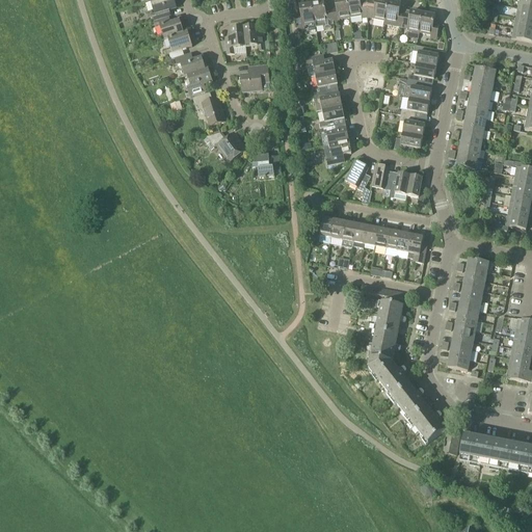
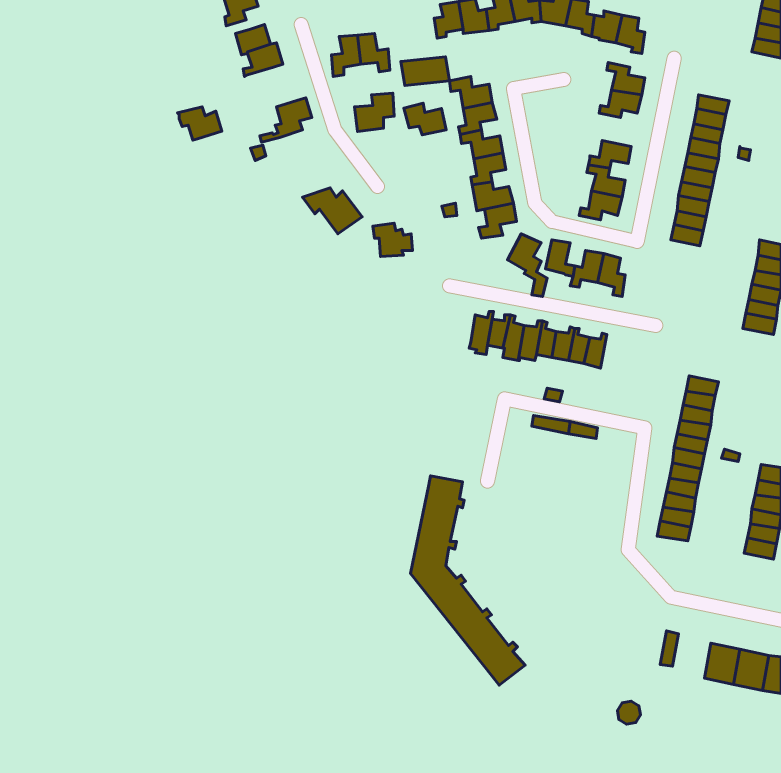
building: none -> [401,57,449,86]
building: [175,51,205,74] -> [178,107,222,140]
building: none -> [404,103,446,135]
building: [404,77,431,100] -> none
building: [193,90,225,124] -> none
building: [407,228,427,261] -> none
building: [368,298,446,441] -> [411,476,525,685]
building: [459,434,483,461] -> none

